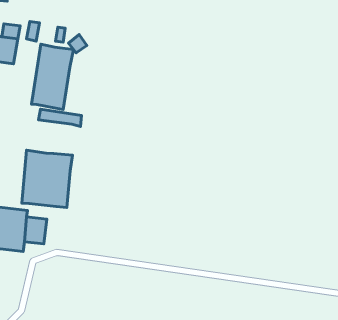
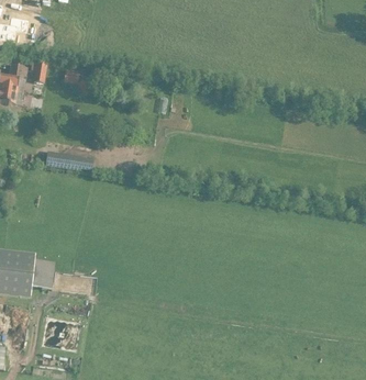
building: [32,44,73,109] -> none
building: [22,150,72,208] -> none

